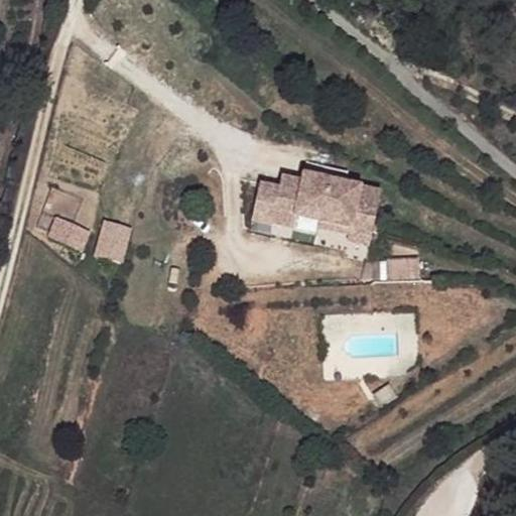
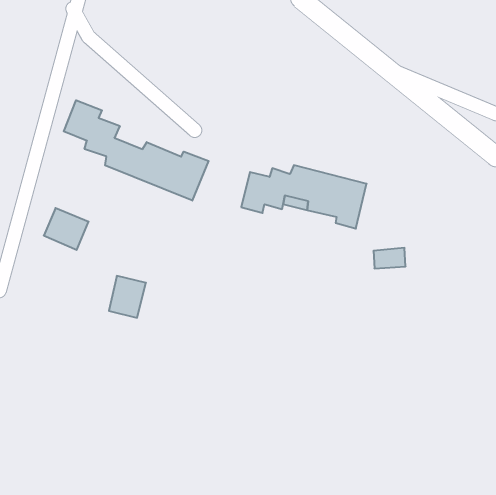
building: none -> [64,100,209,201]
building: [95,219,133,262] -> [109,276,146,318]

